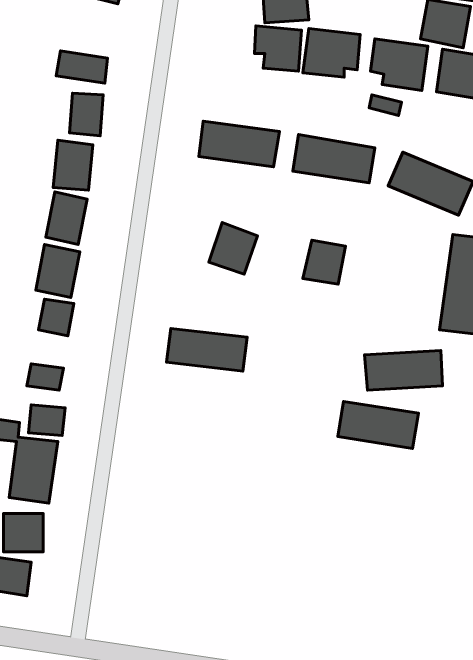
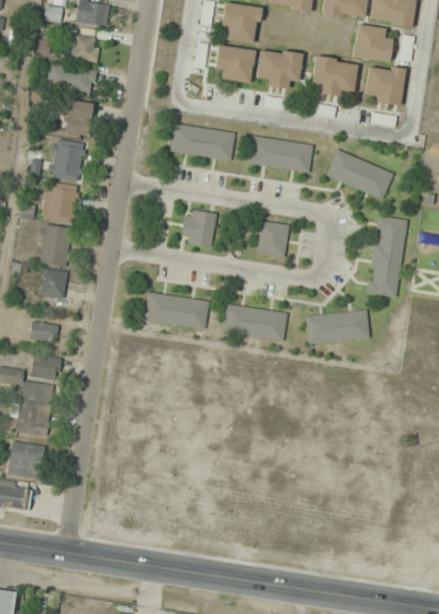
building: none -> [71,34,100,62]
building: [338,401,419,448] -> [221,303,287,342]

